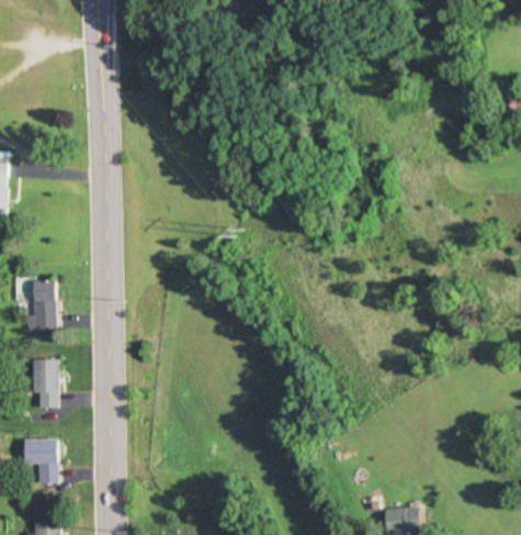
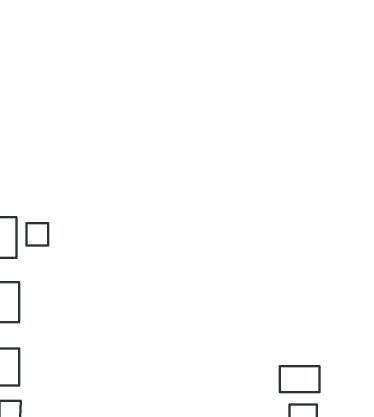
building: none -> [26,223,48,246]
building: none -> [280,366,319,392]

